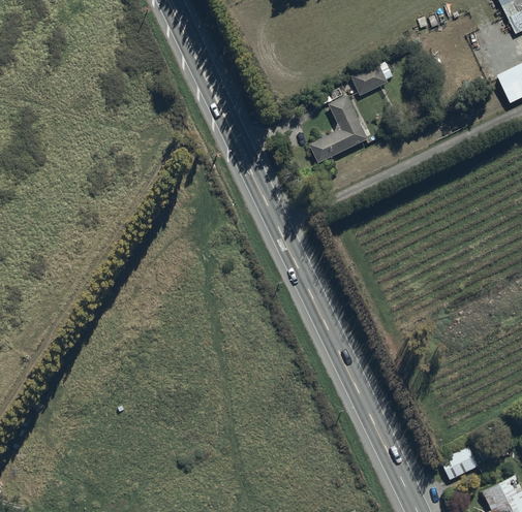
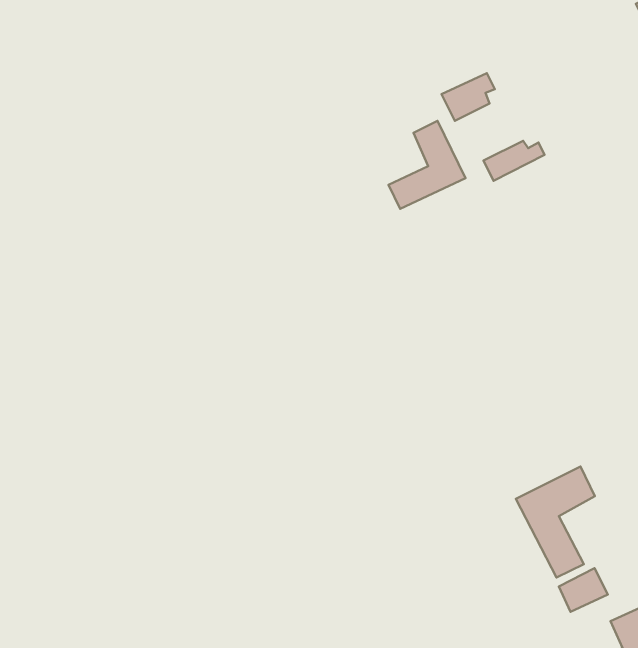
building: none -> [483,141,544,181]
building: none -> [516,467,595,577]

